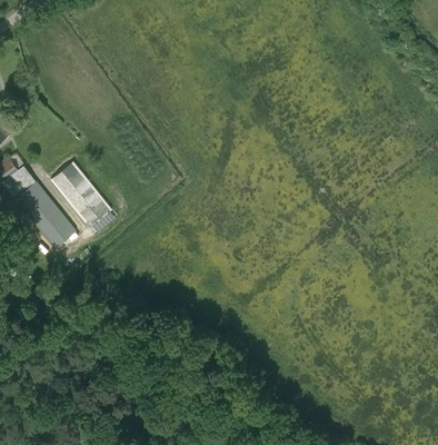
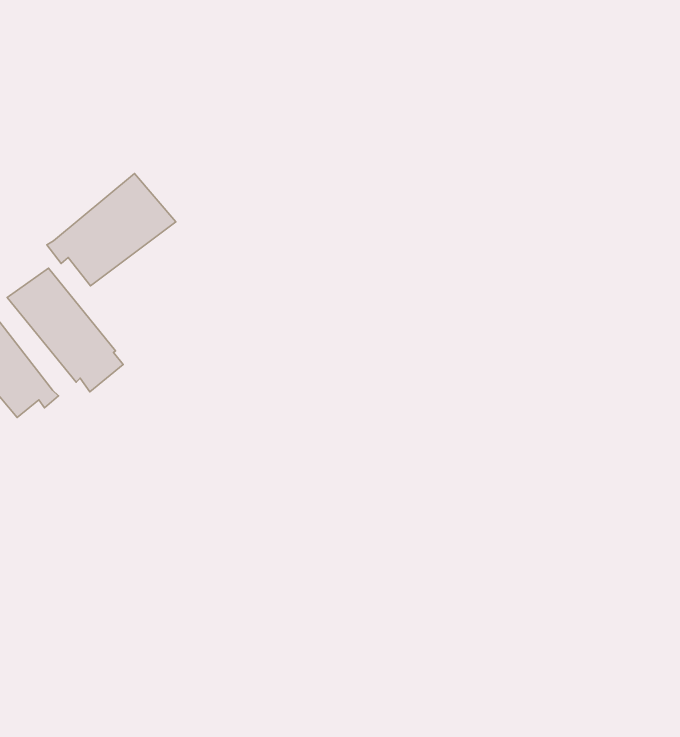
building: none -> [47,173,176,286]

